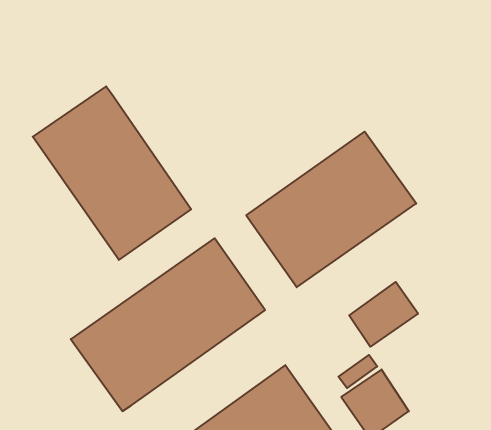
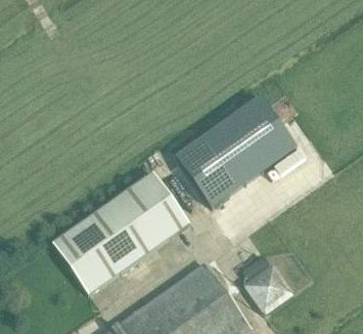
building: [33,86,191,260] -> none
building: [349,282,418,347] -> none

